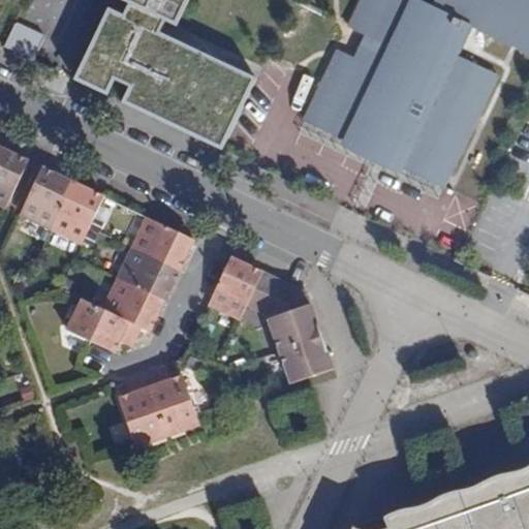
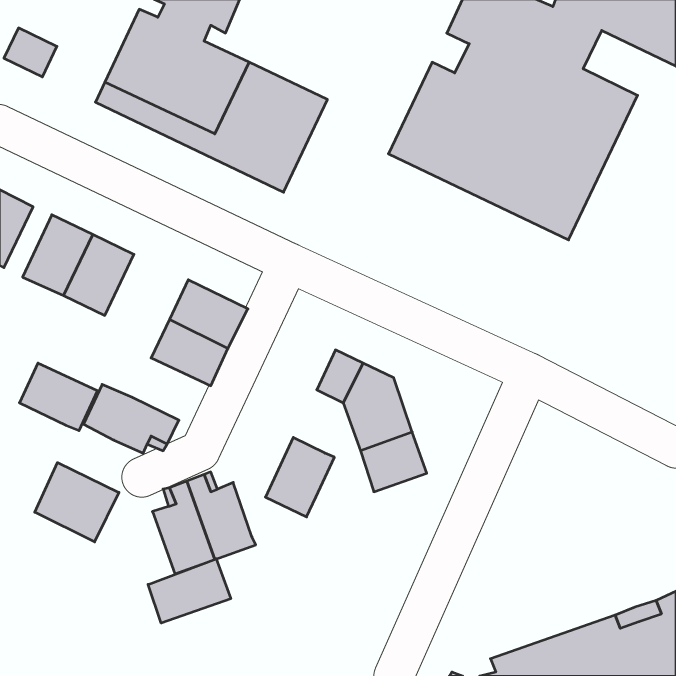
building: [208,257,261,319] -> [265,437,334,517]
building: [103,279,164,332] -> [19,363,98,431]
building: none -> [35,463,119,542]
building: none -> [148,559,231,623]

